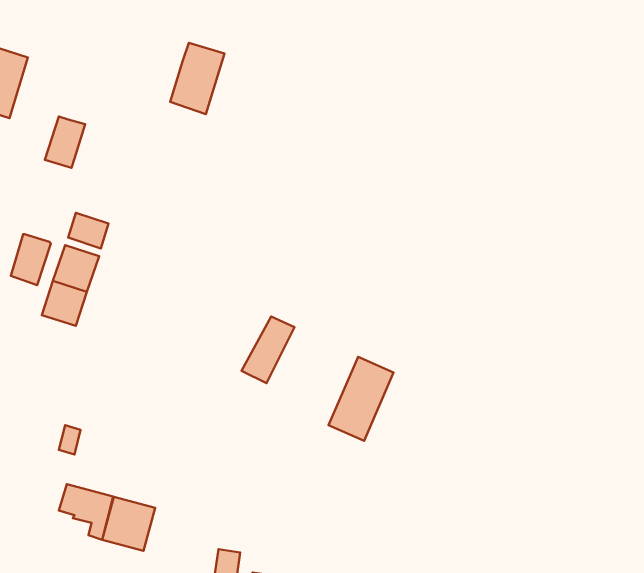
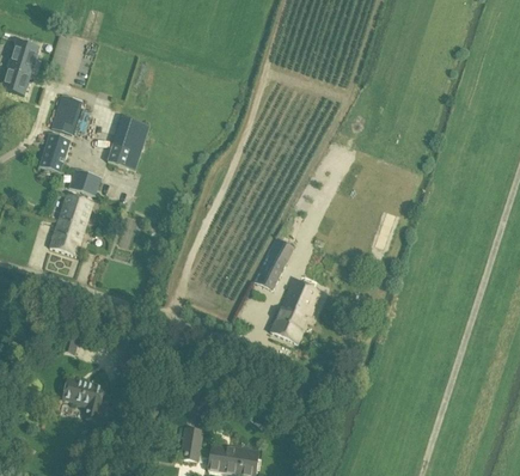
building: [170,43,224,114] -> [108,115,149,170]
building: [11,234,51,285] -> [39,133,71,172]
building: [242,316,294,383] -> [253,237,294,288]
building: [102,497,155,551] -> none

